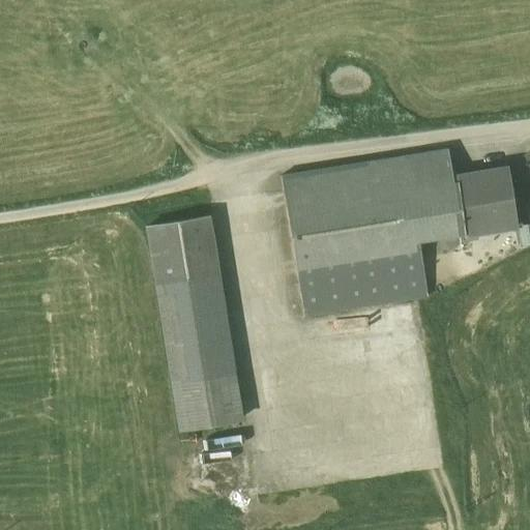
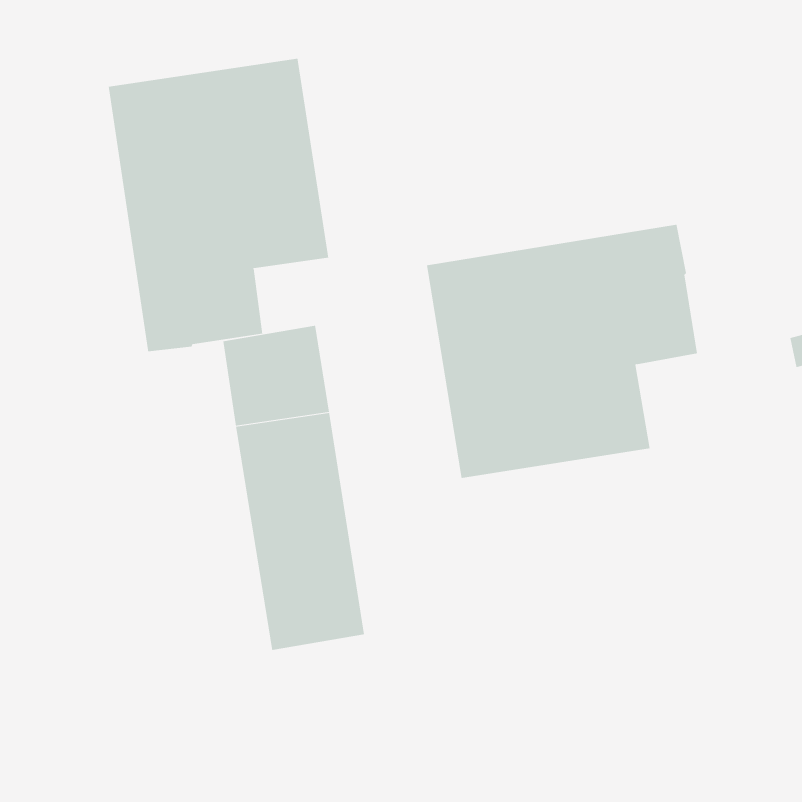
building: none -> [108,58,329,352]
building: [452,168,517,236] -> none

